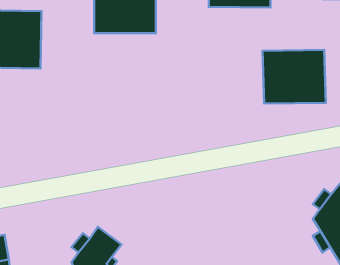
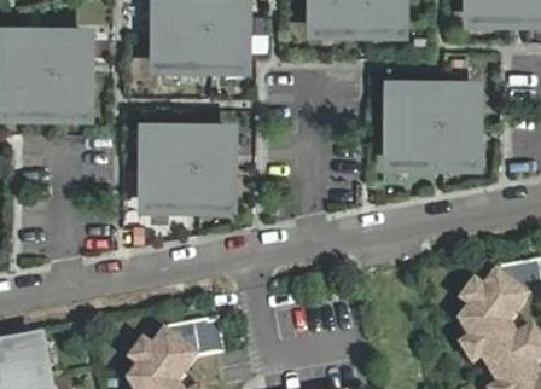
building: none -> [147,127,229,203]
building: none -> [164,315,223,353]

